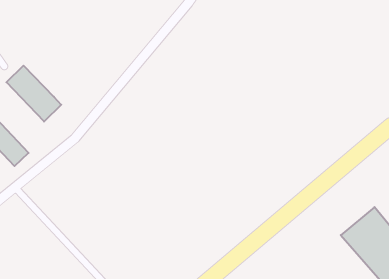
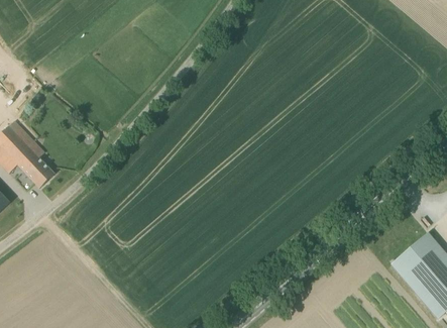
building: [6,66,61,122] -> none

